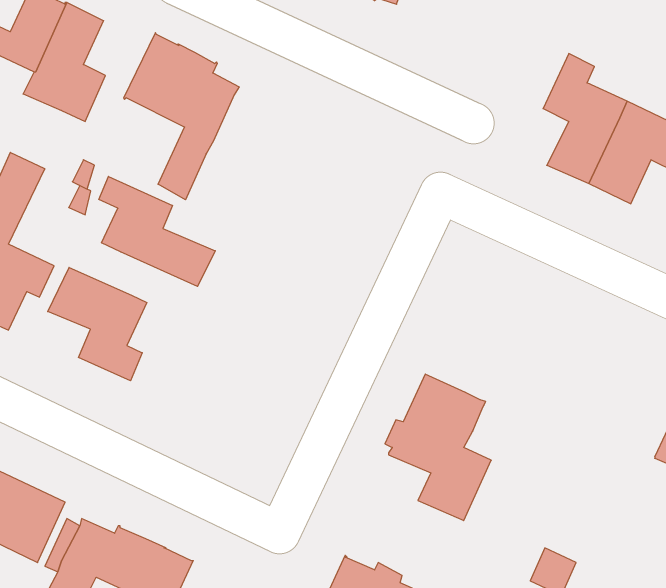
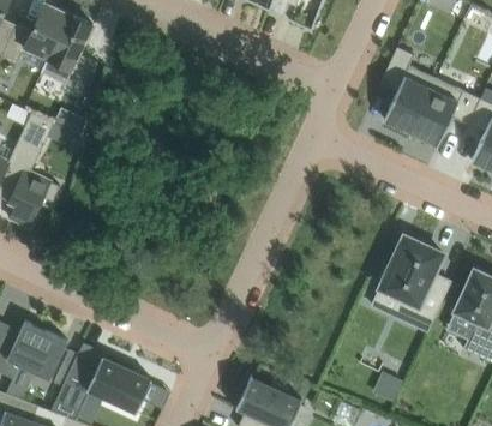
building: [124,33,239,200] -> none
building: [99,176,215,286] -> none
building: [48,267,147,381] -> none
building: [385,374,491,521] -> [376,235,445,331]

